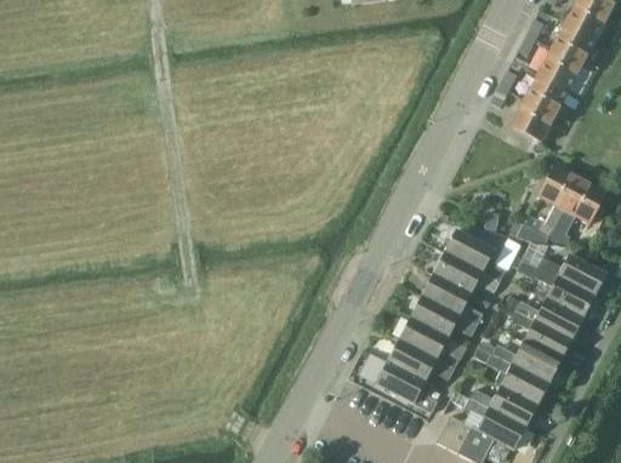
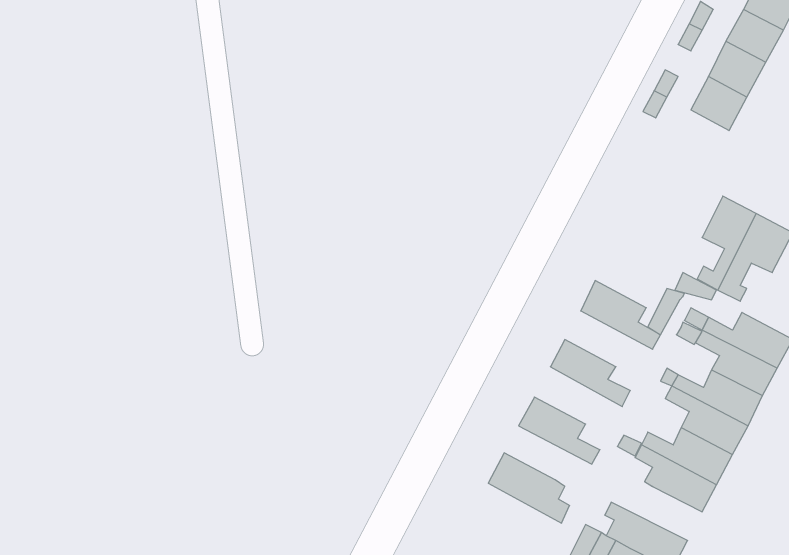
building: [514,98,558,141] -> none
building: [433,251,500,293] -> none
building: [410,293,477,337] -> none
building: [387,338,454,379] -> none
building: [468,384,537,425] -> none

